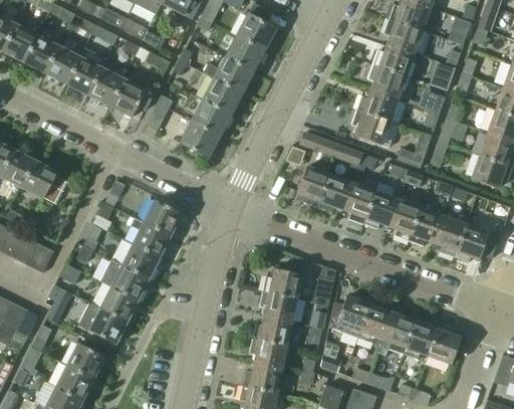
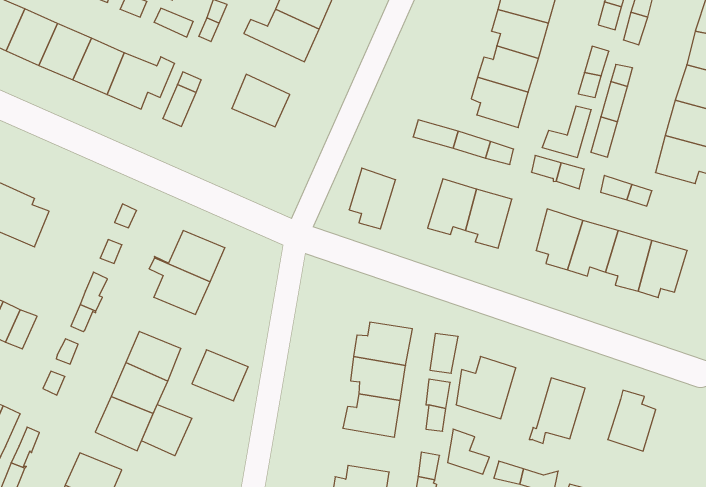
building: [202,71,242,114] -> none
building: [180,121,220,158] -> none
building: [297,167,329,208] -> [349,168,396,229]
building: [363,192,398,229] -> none
building: [121,243,160,278] -> [192,350,248,401]
building: [358,304,394,346] -> none
building: none -> [141,405,192,456]
building: [404,321,439,360] -> none
building: [250,338,287,369] -> none

